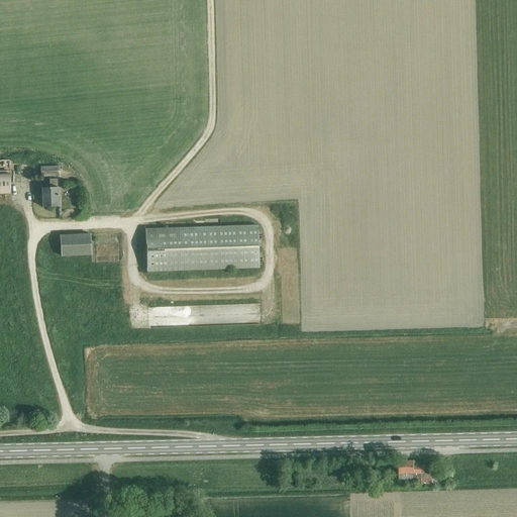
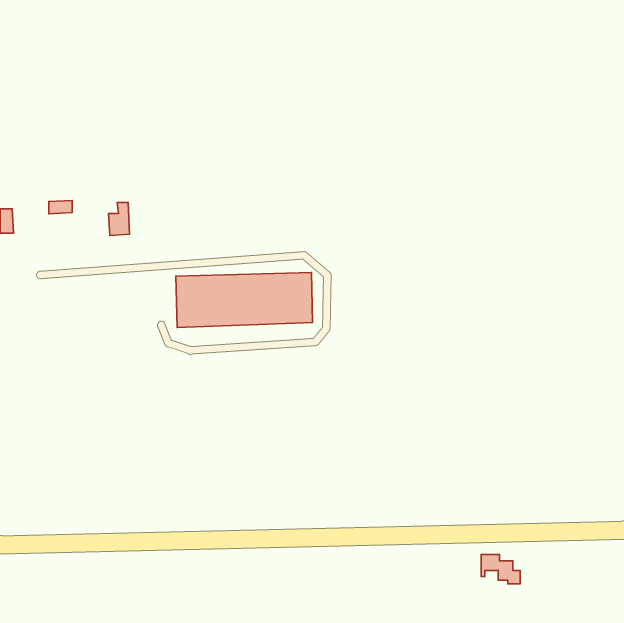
building: [41,179,59,206] -> [109,202,129,235]
building: [60,233,91,255] -> none

